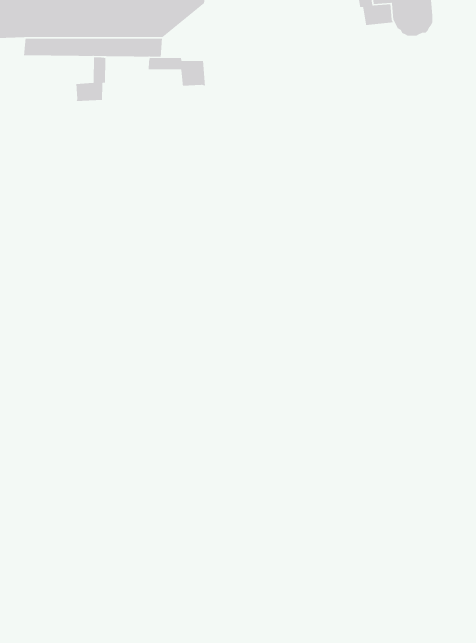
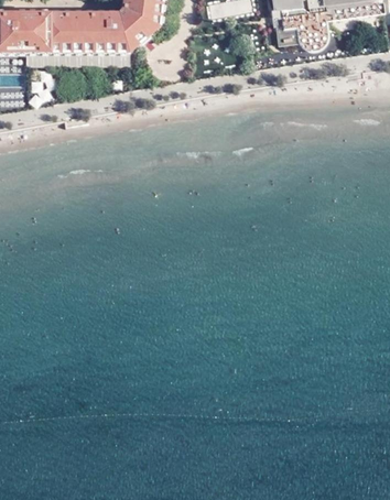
building: [75,57,106,102] -> none
building: [148,57,206,86] -> none

